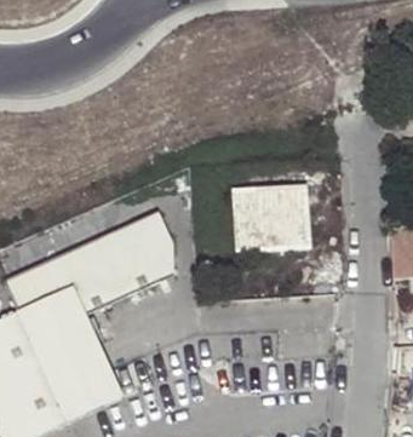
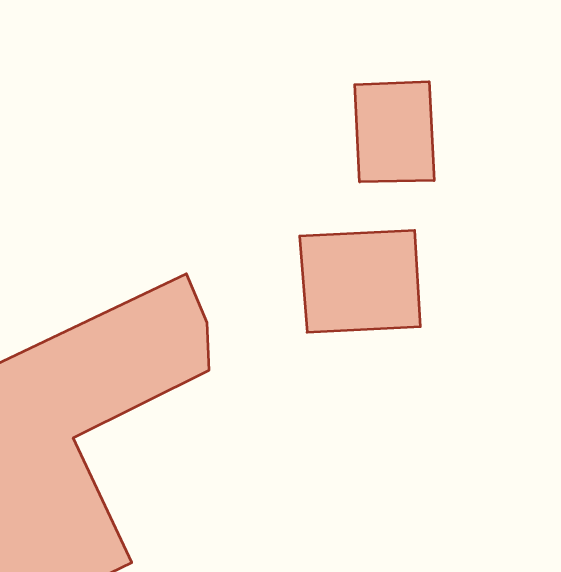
building: none -> [355,82,434,182]

